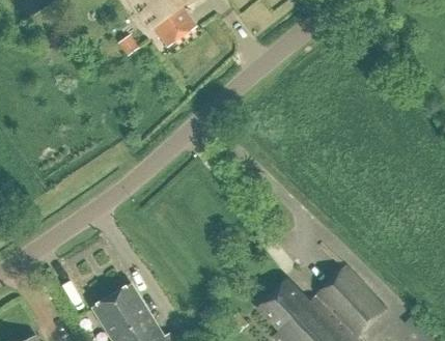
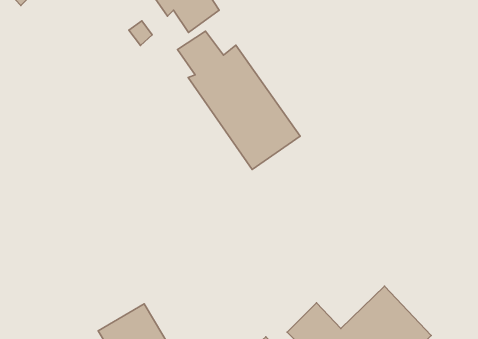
building: none -> [178,31,300,169]

